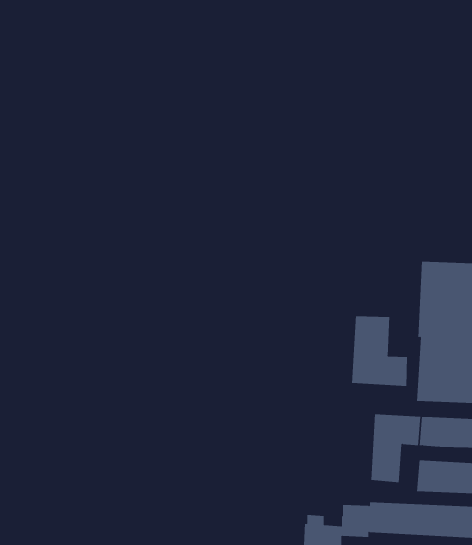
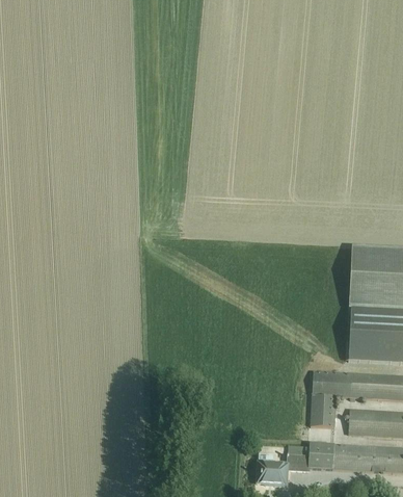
building: [352,315,407,387] -> none

